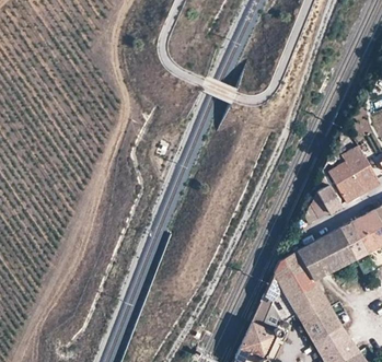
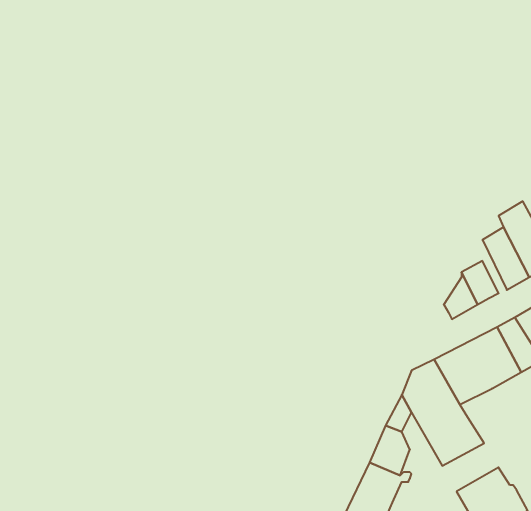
building: [302,307,340,340] -> none

